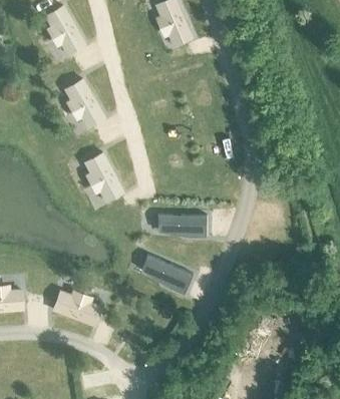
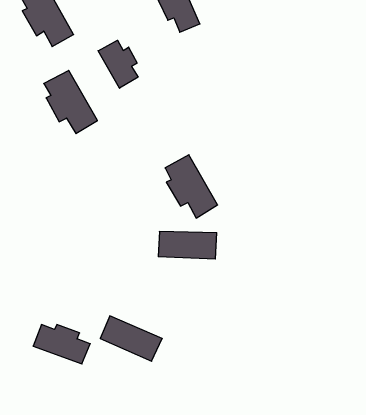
building: none -> [98,40,138,88]
building: [82,150,126,204] -> [165,155,218,218]
building: [140,254,193,292] -> [100,316,162,361]

